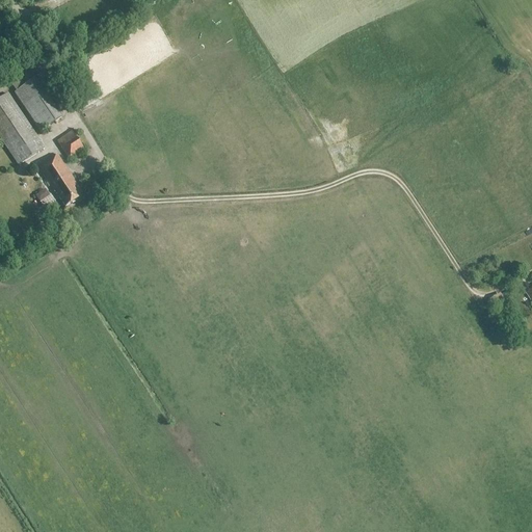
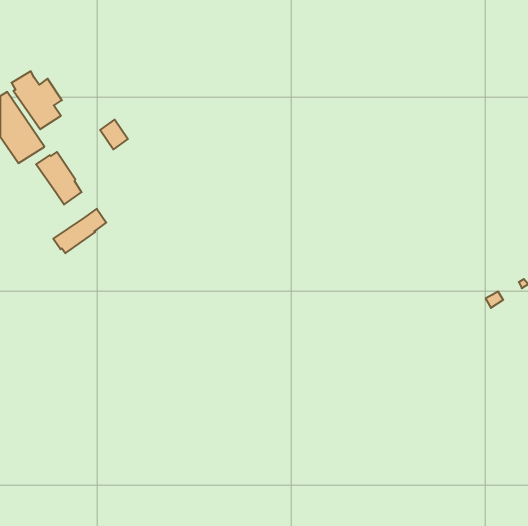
building: [56,130,84,160] -> [100,120,128,149]
building: none -> [53,209,106,253]

